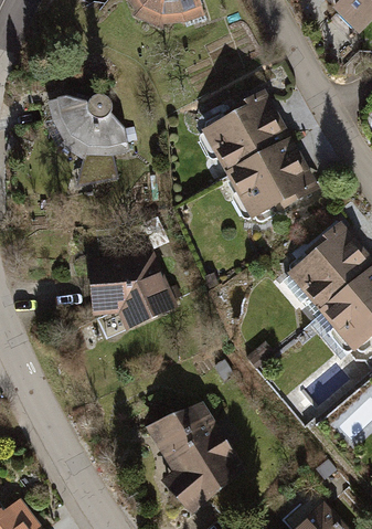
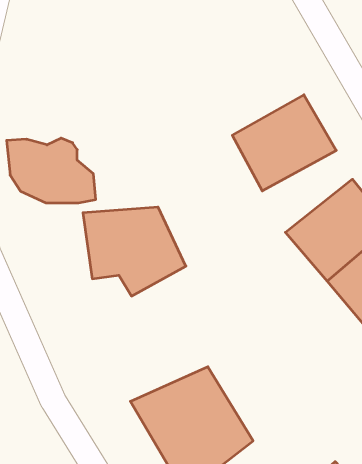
building: [194,87,294,178] -> none
building: [44,92,129,154] -> [7,138,96,203]

